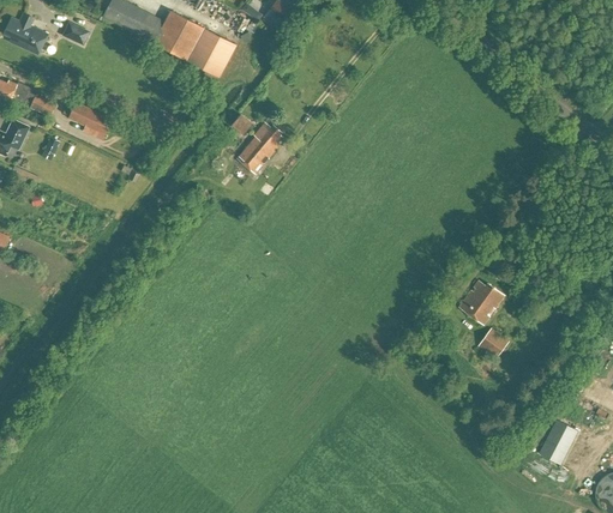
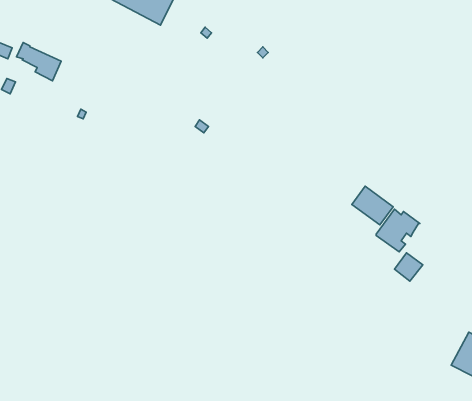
building: [238,122,283,173] -> none
building: none -> [352,186,393,225]

